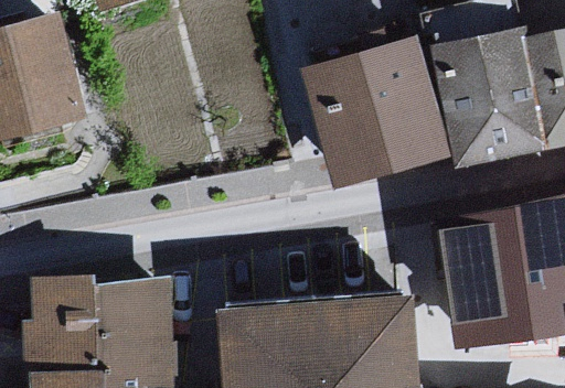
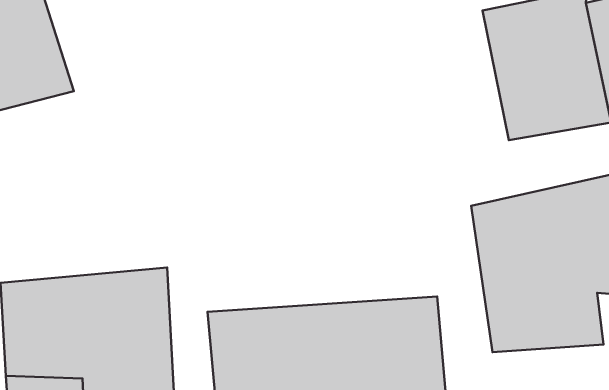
building: [324,50,468,187] -> none

